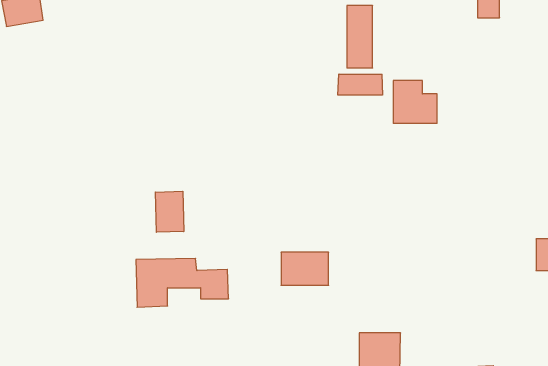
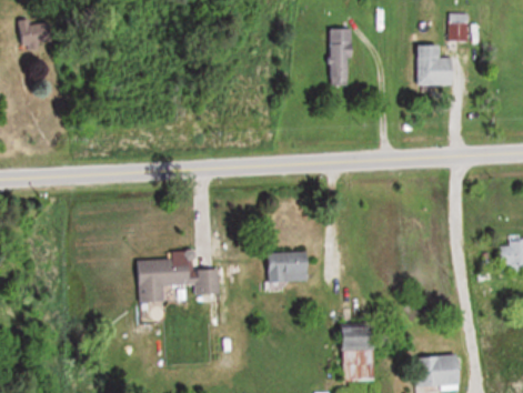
building: [338,74,382,95] -> none
building: [393,81,437,123] -> [415,46,455,84]
building: [155,191,184,232] -> none

